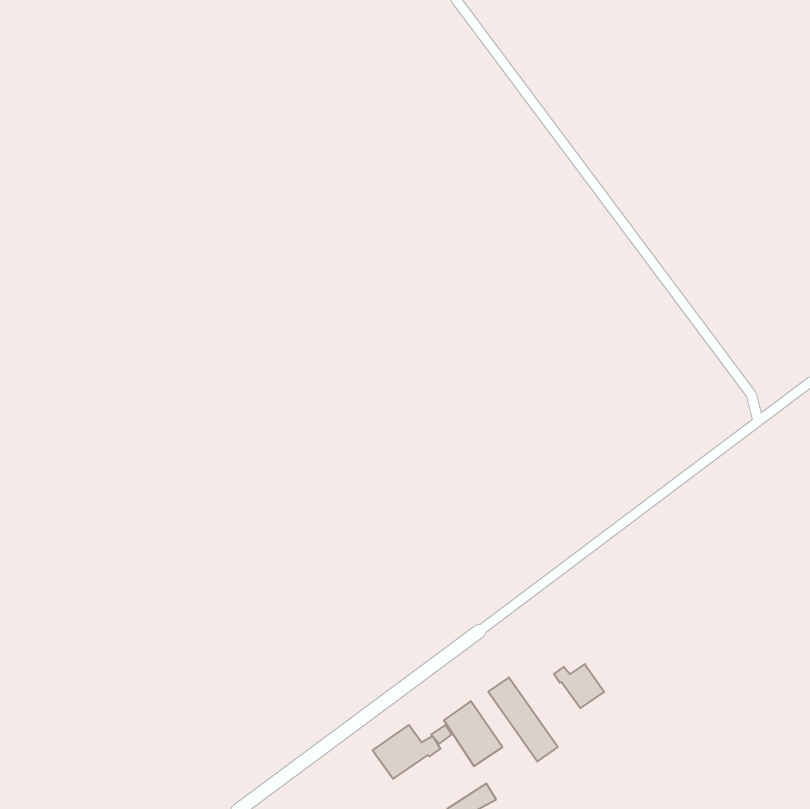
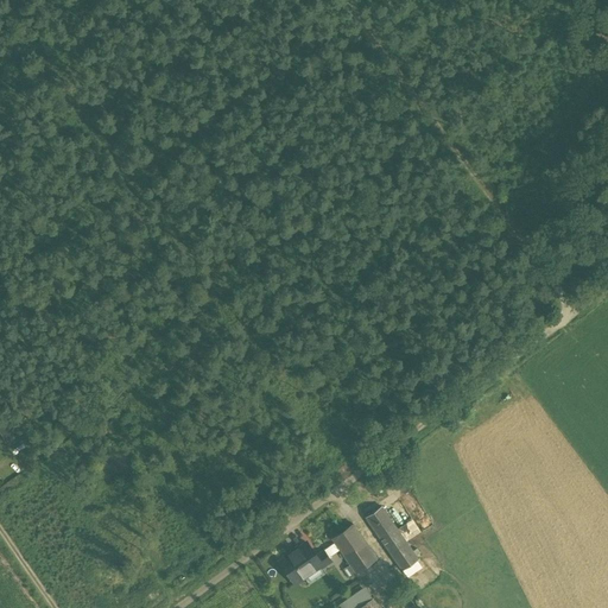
building: [554,664,604,708] -> none

